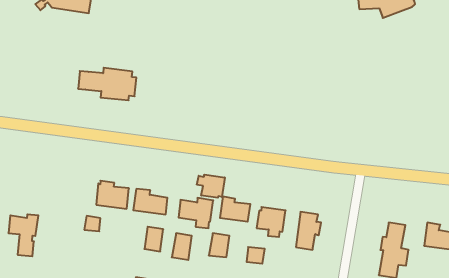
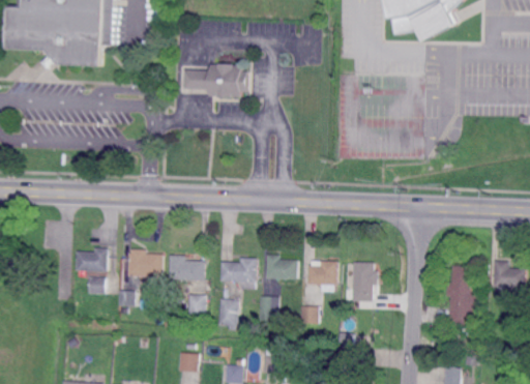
building: [78,68,136,100] -> [184,64,247,97]
building: [197,175,225,198] -> none
building: [8,214,38,256] -> [77,248,108,294]

